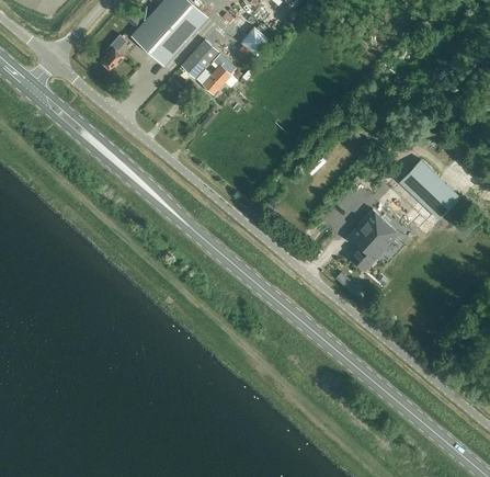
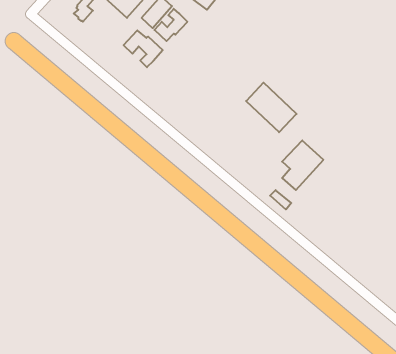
building: none -> [124,30,163,67]
building: [399,161,459,220] -> [246,83,297,132]

